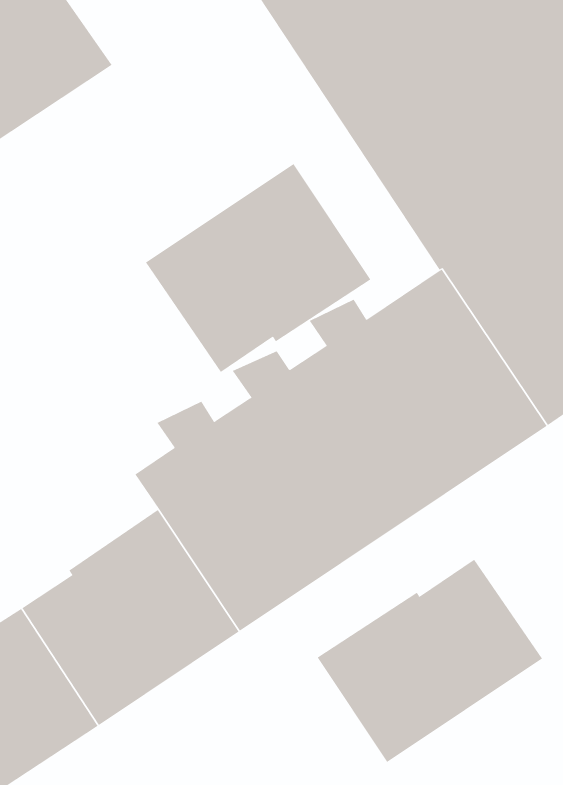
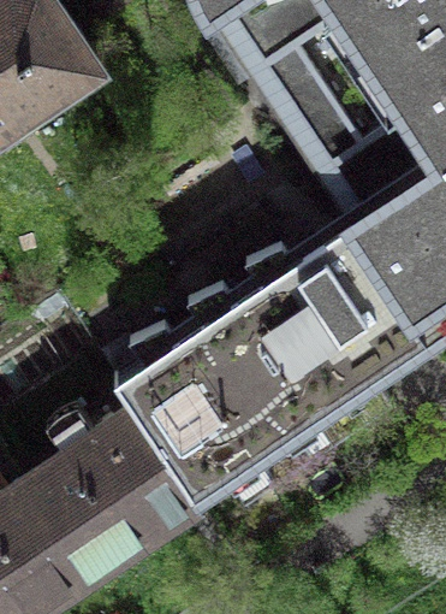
building: [145,163,371,373] -> none
building: [317,559,543,763] -> none

